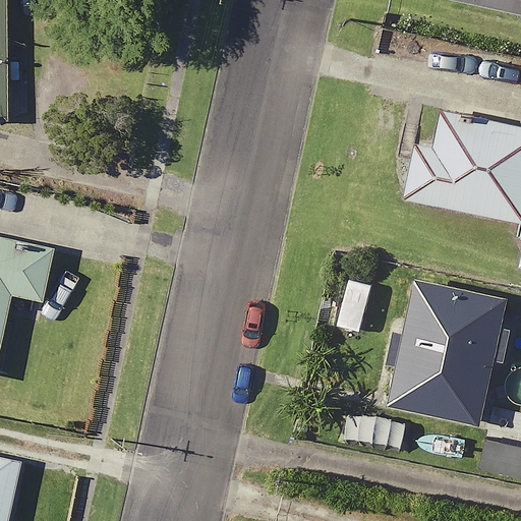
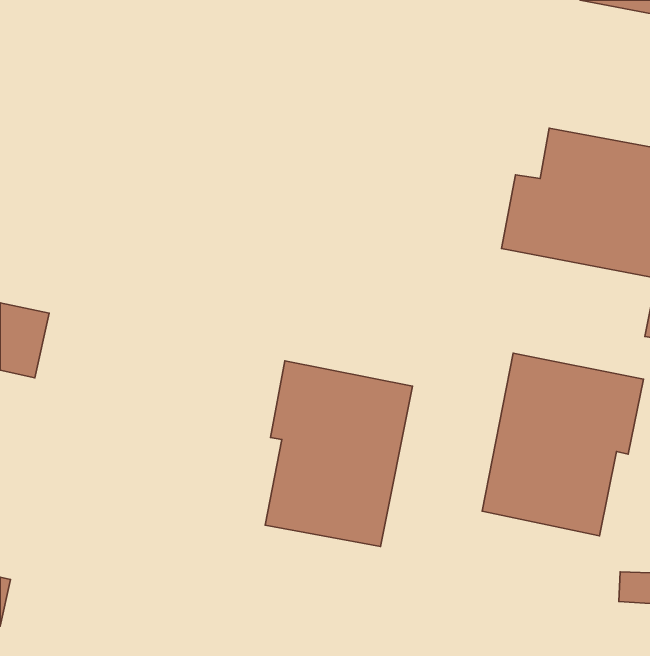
building: none -> [265,361,413,547]

